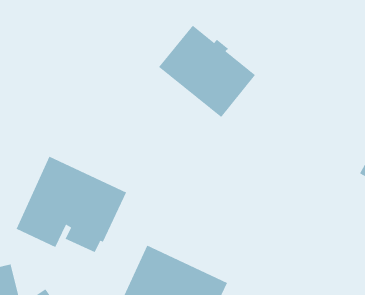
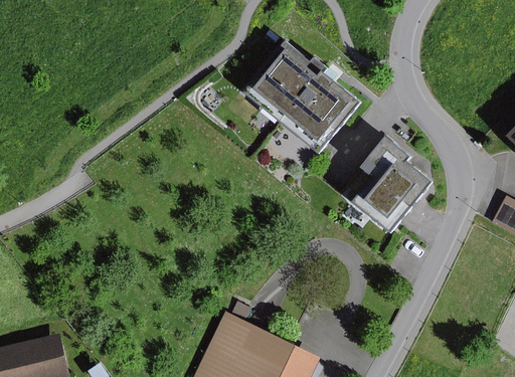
building: none -> [350,137,432,234]
building: [16,156,127,253] -> none

